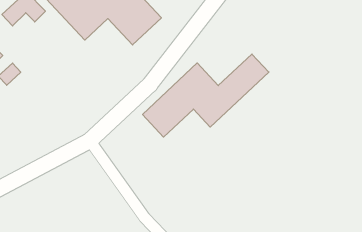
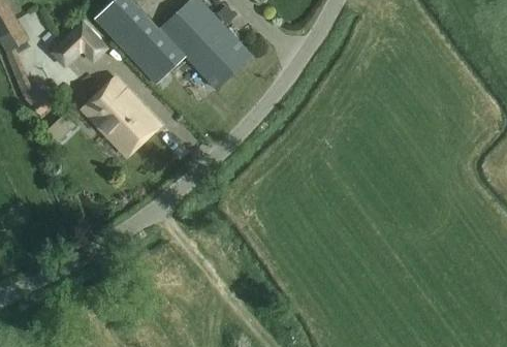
building: none -> [82,77,160,157]
building: [143,54,269,137] -> none

